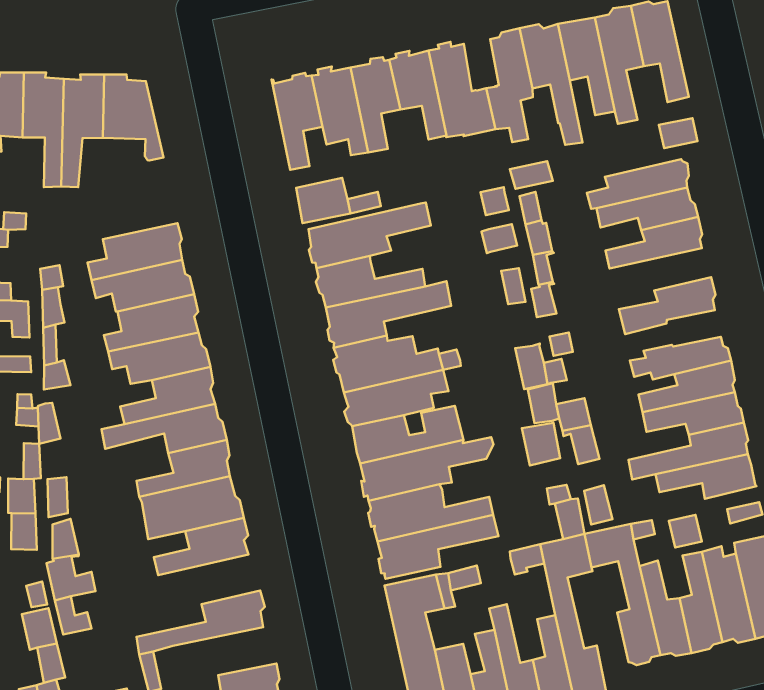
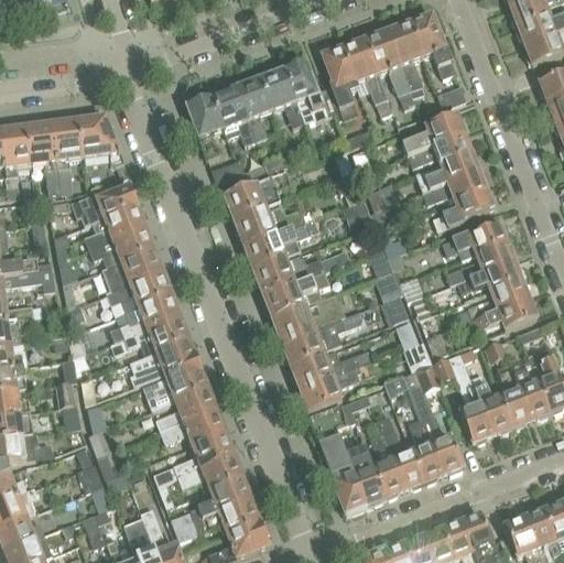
building: none -> [47,185,139,225]
building: none -> [421,169,487,203]
building: none -> [161,410,228,446]
building: none -> [177,455,246,490]

